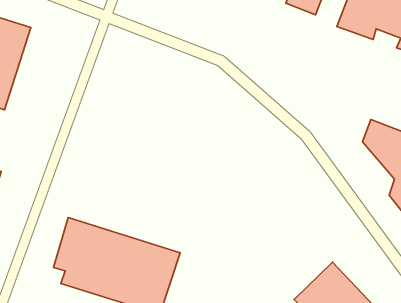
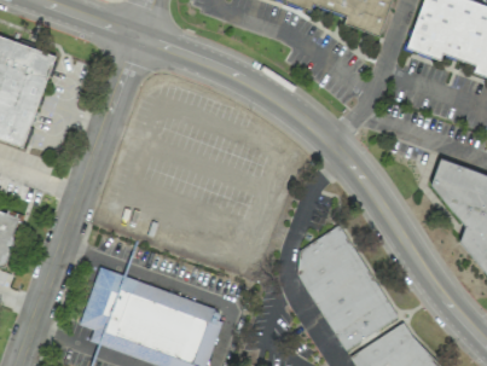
building: none -> [289,223,395,349]

